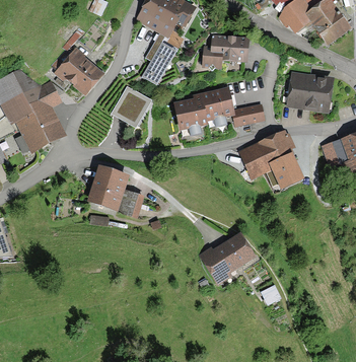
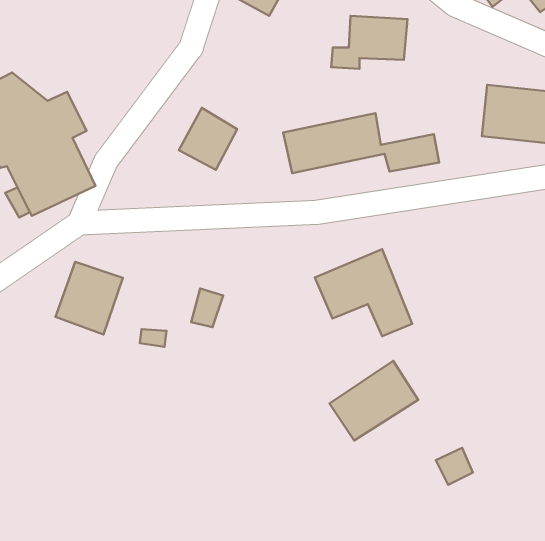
building: [141,33,174,84] -> none
building: [54,53,97,93] -> none
building: [242,134,298,184] -> [315,249,412,336]
building: [87,168,126,210] -> [56,262,123,335]

